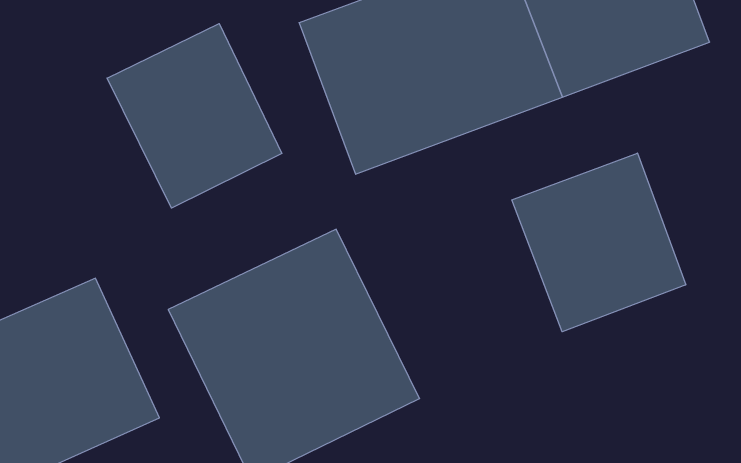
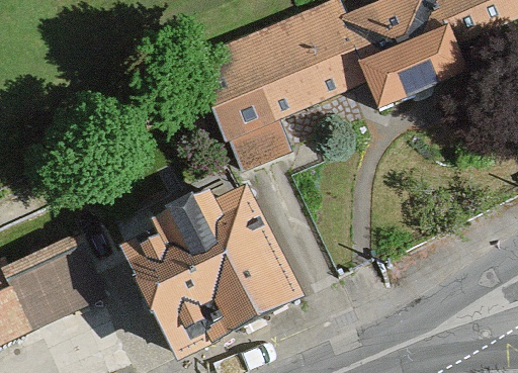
building: [107,24,282,208] -> none
building: [512,153,686,332] -> none

